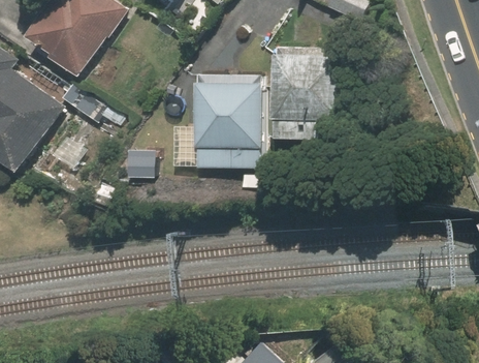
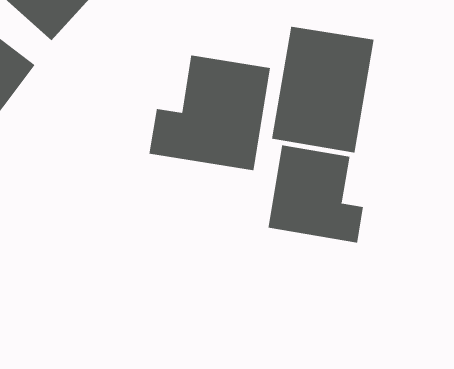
building: none -> [268,145,364,243]

